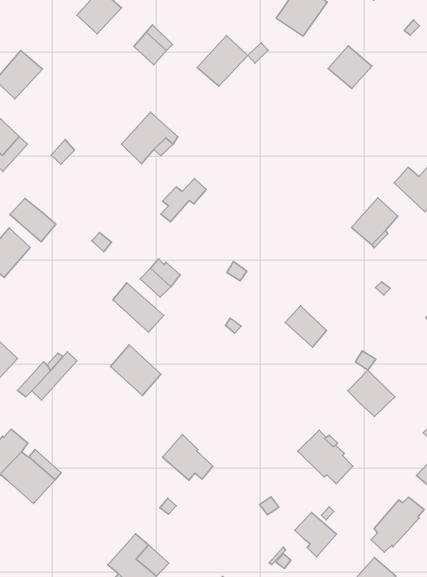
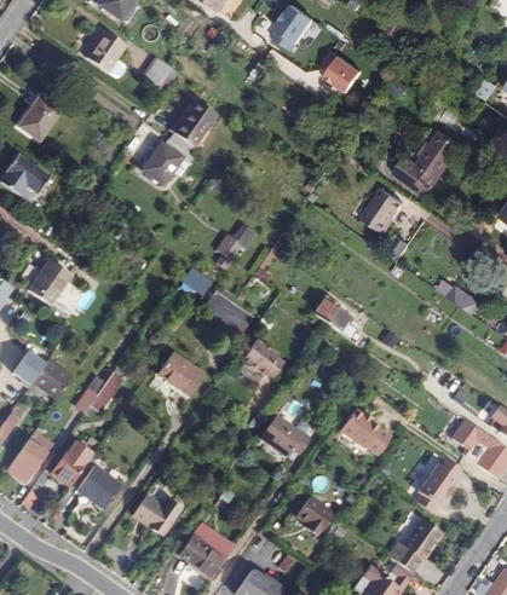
building: [197,36,248,86] -> [172,99,217,146]
building: [161,179,206,222] -> [215,225,254,267]
building: [10,198,56,242] -> none
building: [113,283,164,332] -> [203,291,252,334]
building: none -> [241,340,283,377]
building: [348,370,395,416] -> none
building: [163,434,213,480] -> [259,415,306,456]
building: none -> [132,497,180,536]
building: [295,512,336,557] -> [295,497,334,537]

